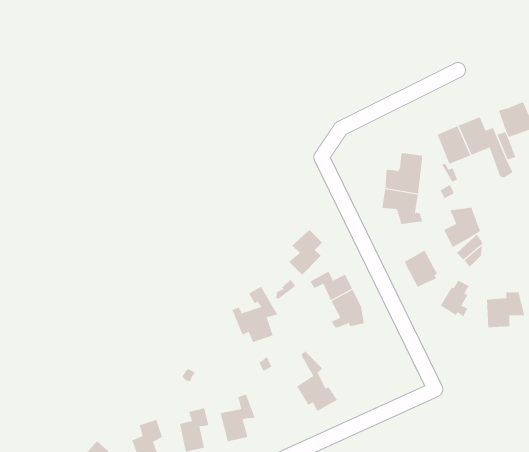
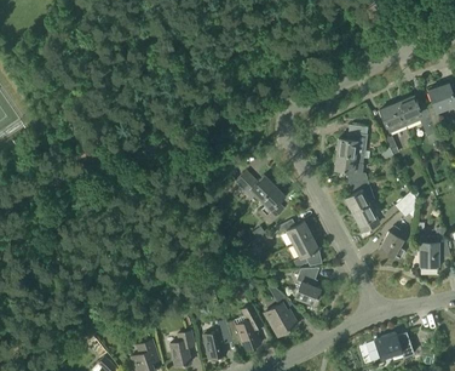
building: [443,207,481,248] -> [345,181,375,213]
building: none -> [236,171,276,200]
building: [232,286,278,343] -> [227,304,265,350]
building: none -> [296,269,322,304]
building: none -> [375,332,414,361]

